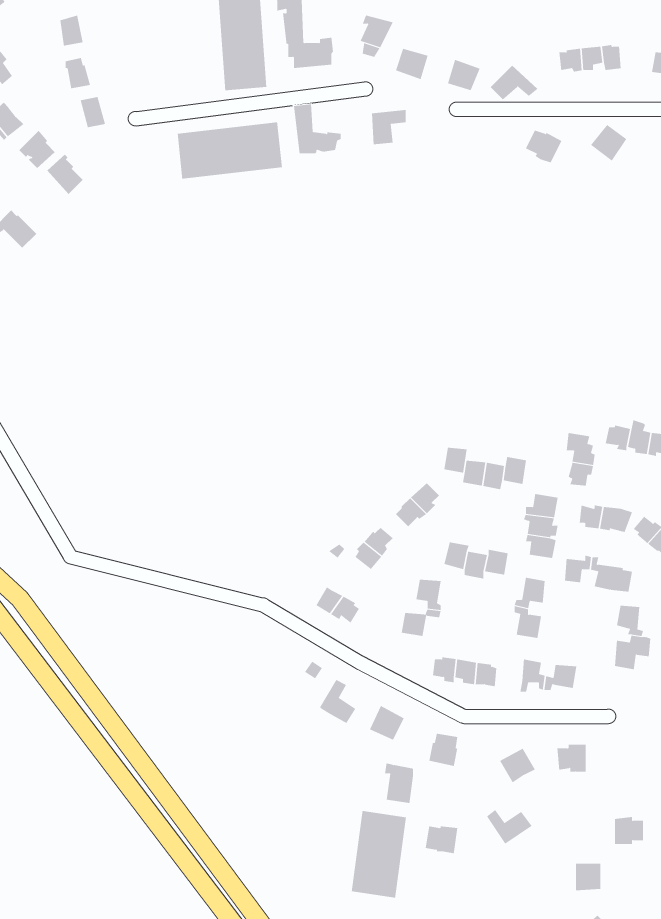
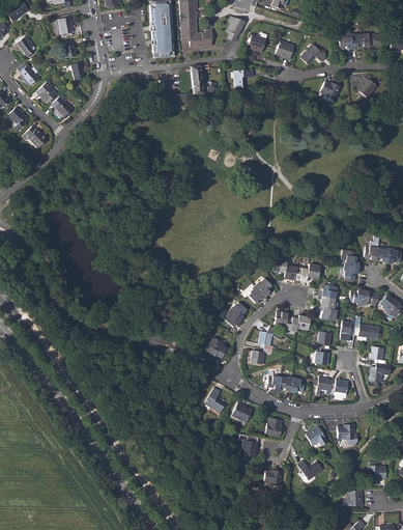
building: [177,121,282,180] -> none
building: [351,810,406,898] -> none

